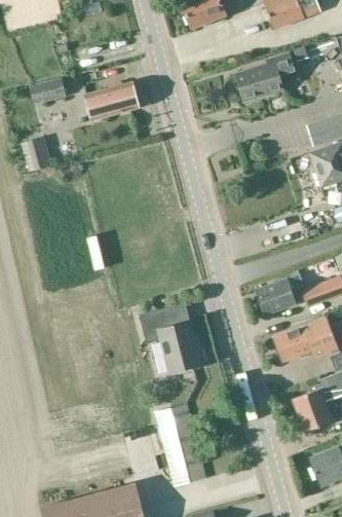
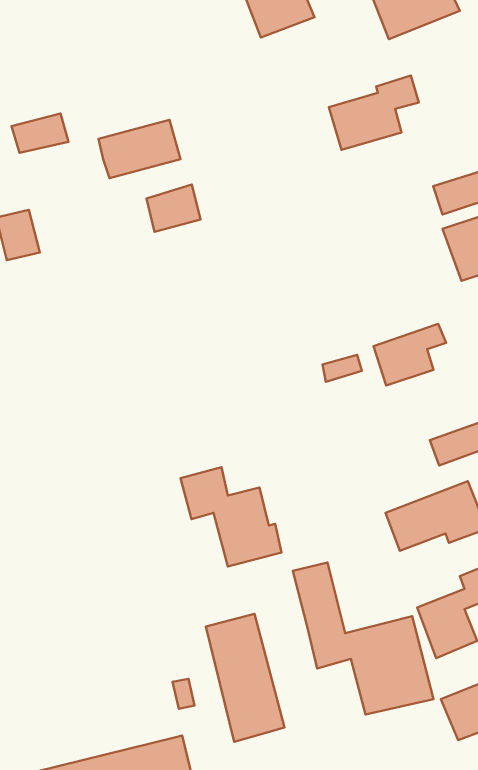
building: none -> [147,185,201,232]
building: [257,274,304,315] -> [373,324,446,386]
building: none -> [293,563,433,714]

